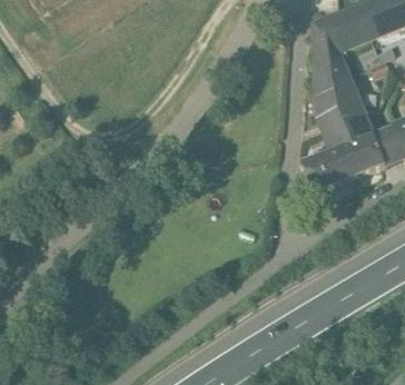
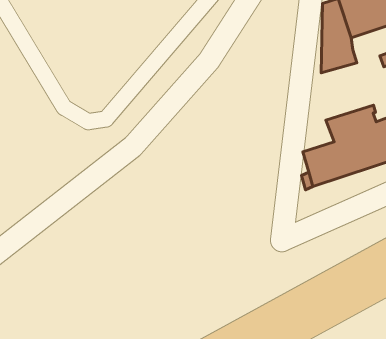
building: [316,73,367,129] -> none

